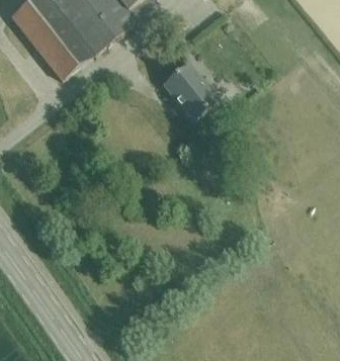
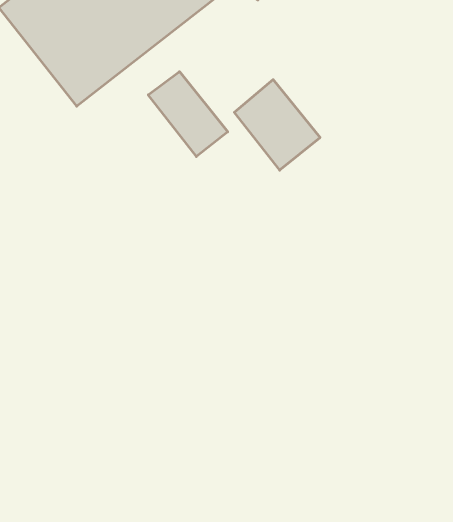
building: none -> [148,72,228,157]

